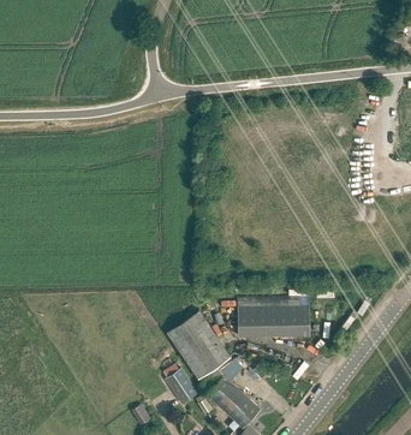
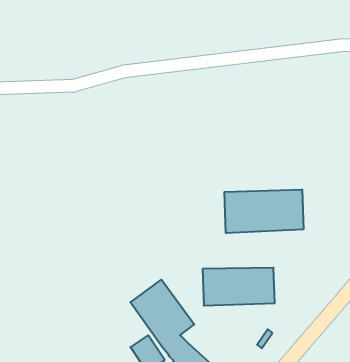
building: none -> [224,189,303,233]

